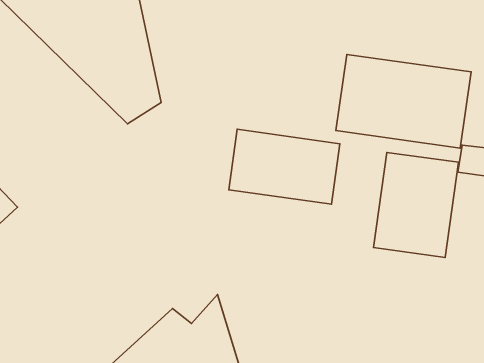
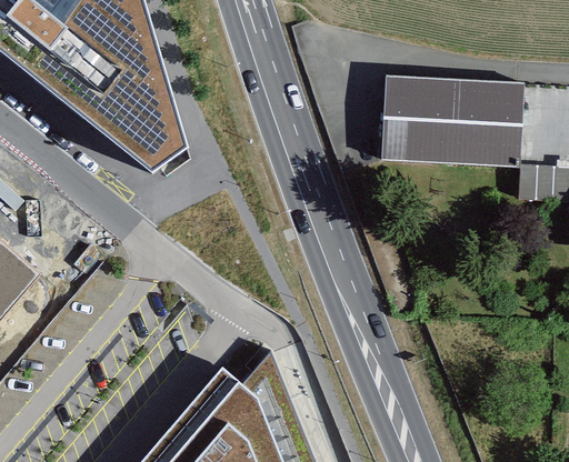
building: [229,129,340,204] -> none
building: [374,152,459,257] -> none

